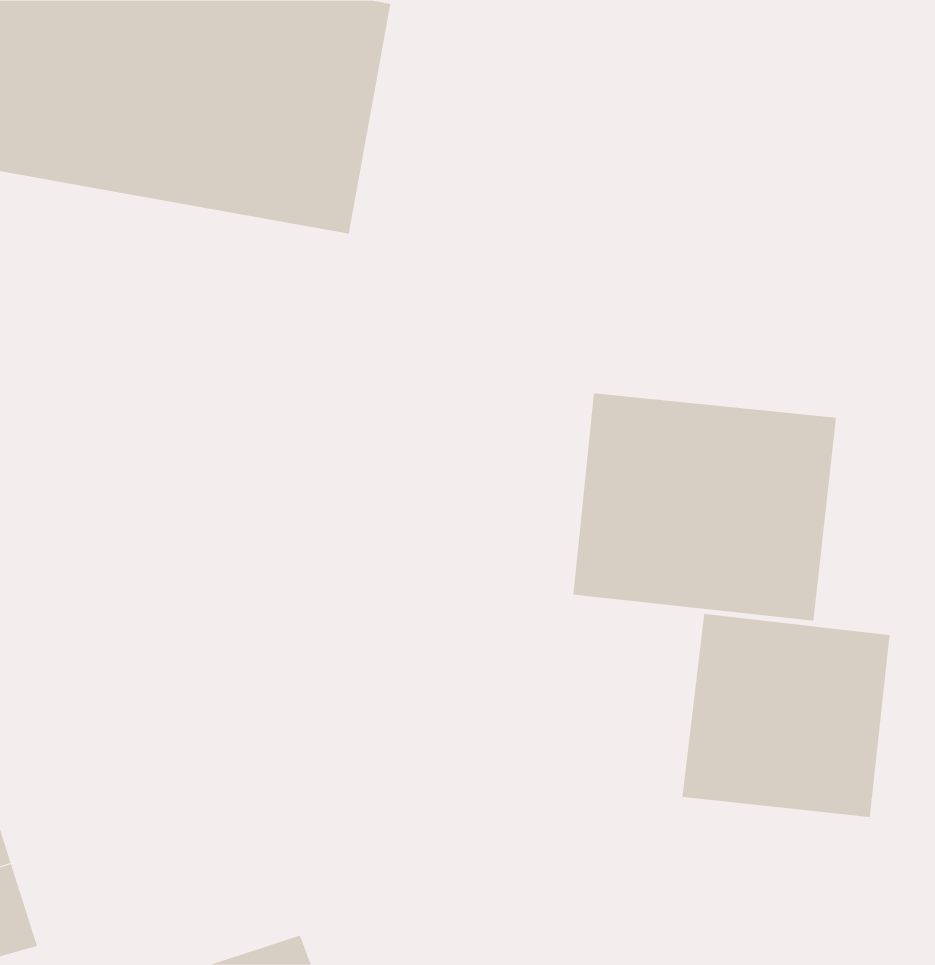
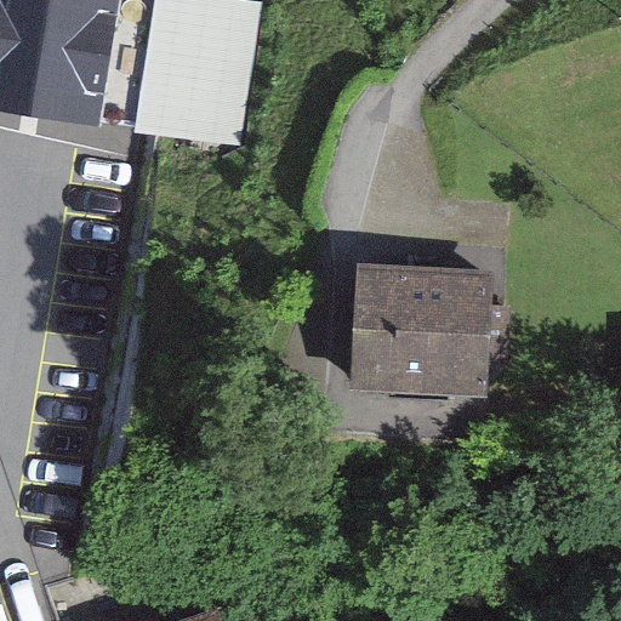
building: [682,613,890,818] -> none

